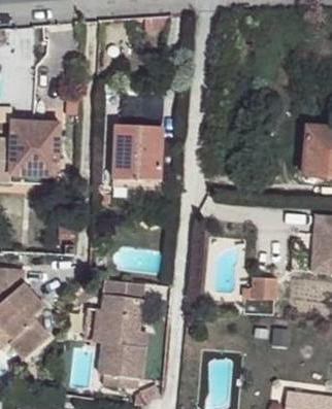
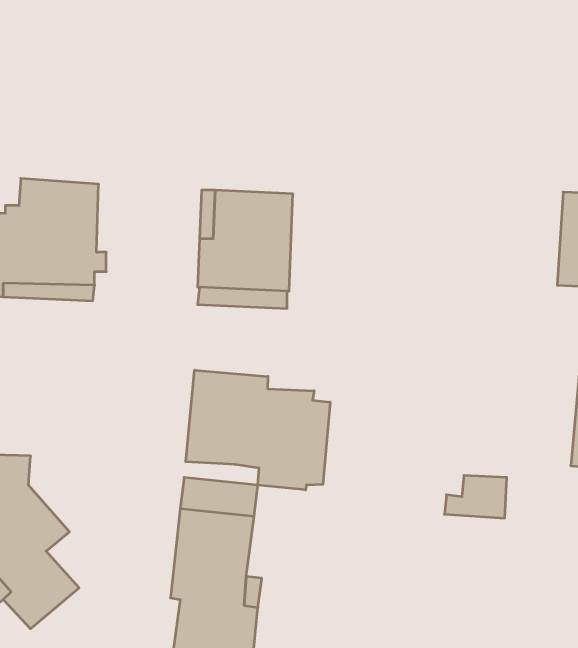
building: none -> [186,370,330,490]

